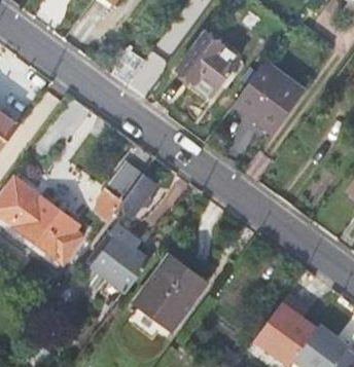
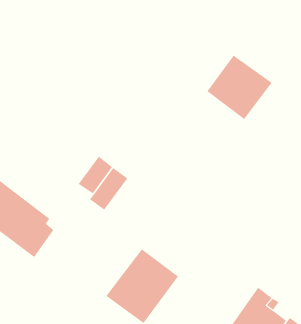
building: [179,31,242,95] -> none
building: [88,223,149,292] -> none

